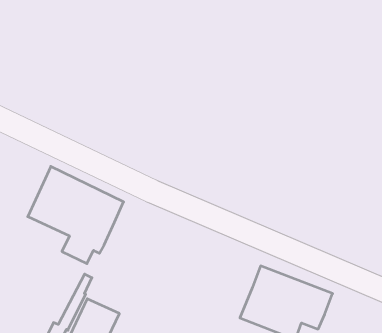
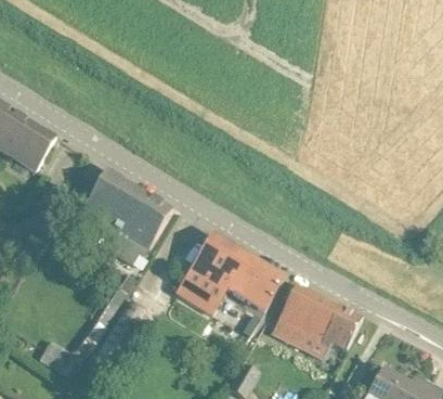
building: none -> [175,234,282,314]

